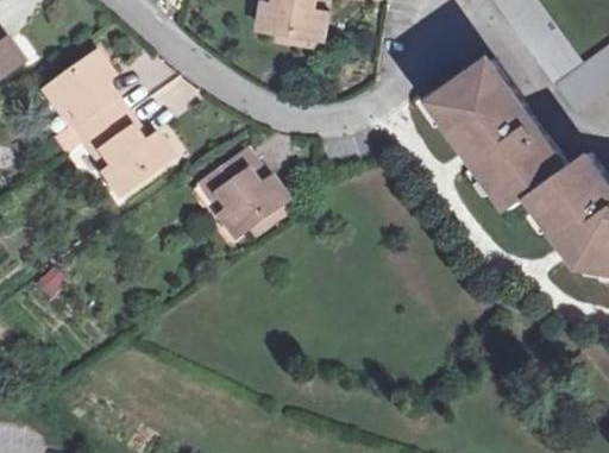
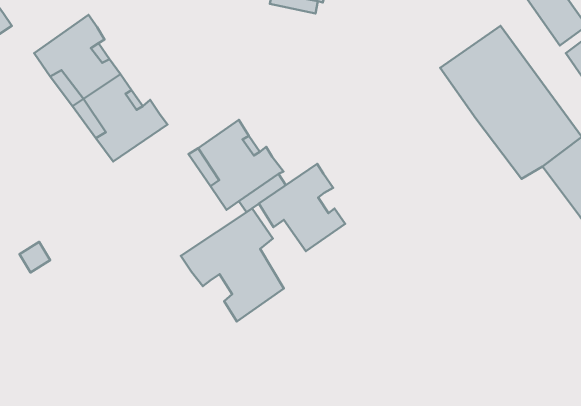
building: none -> [259,164,345,251]
building: none -> [181,208,284,321]

